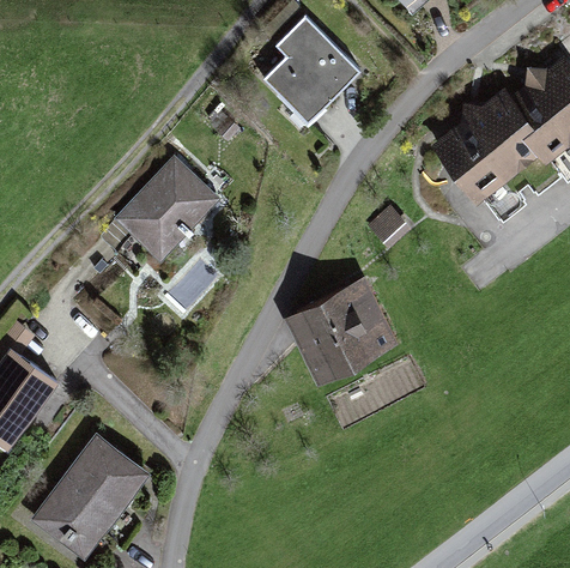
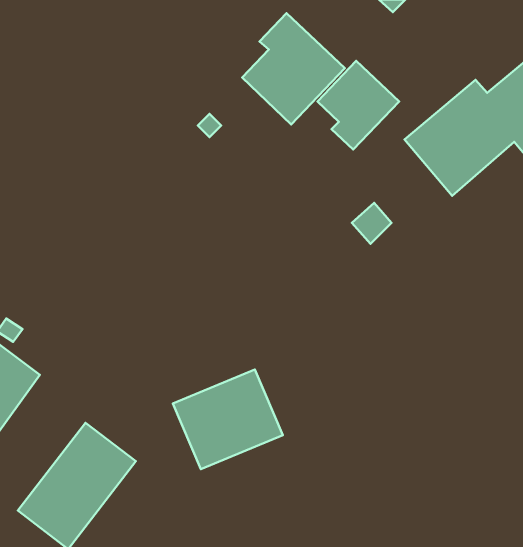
building: none -> [317,61,399,149]
building: [114,158,219,264] -> none
building: [283,280,395,382] -> [173,370,283,469]

